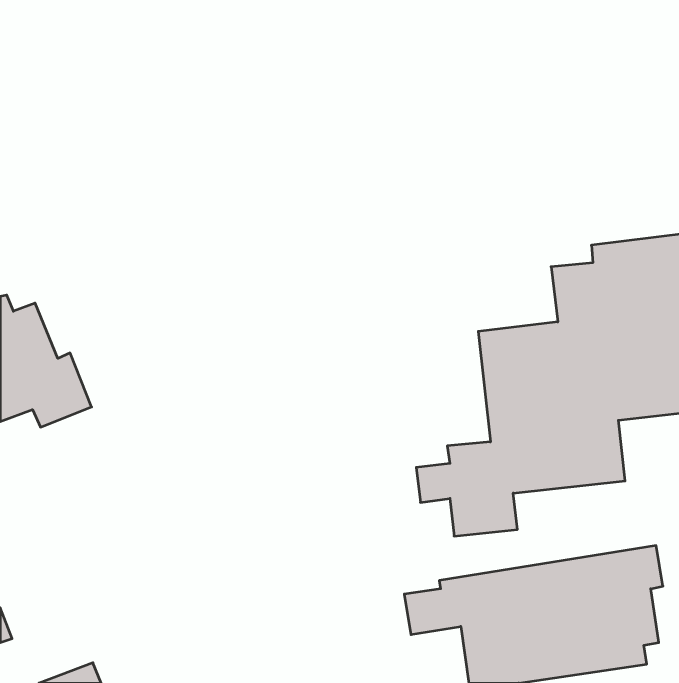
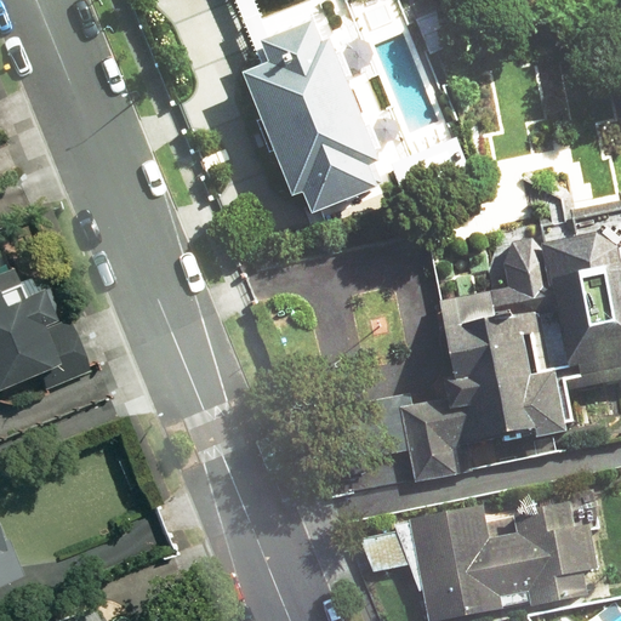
building: none -> [243,24,381,222]

